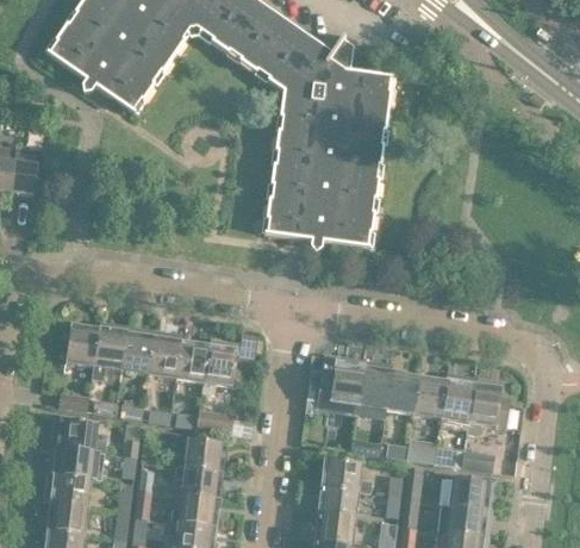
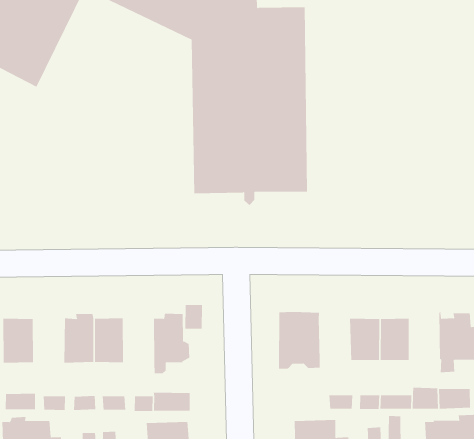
building: [91,323,125,372] -> none
building: [174,338,207,384] -> none
building: [355,361,389,417] -> none
building: [438,373,472,422] -> none

